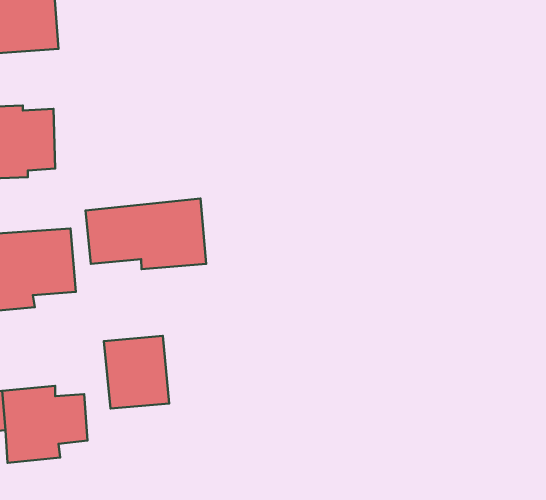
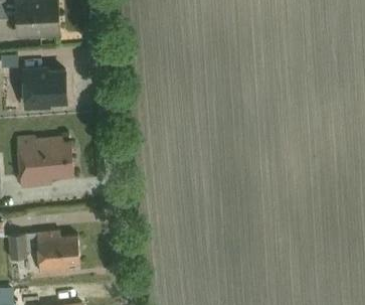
building: [85,199,206,269] -> none
building: [104,336,169,409] -> none

